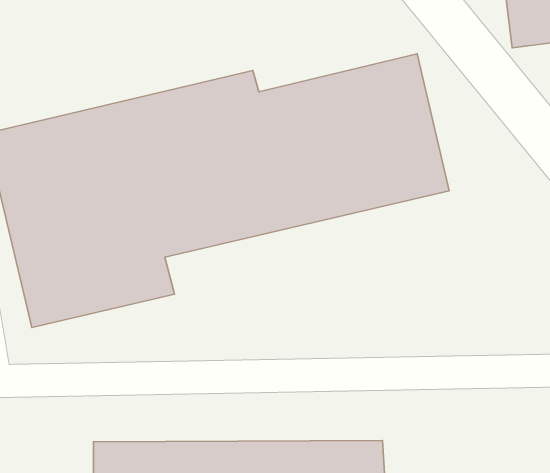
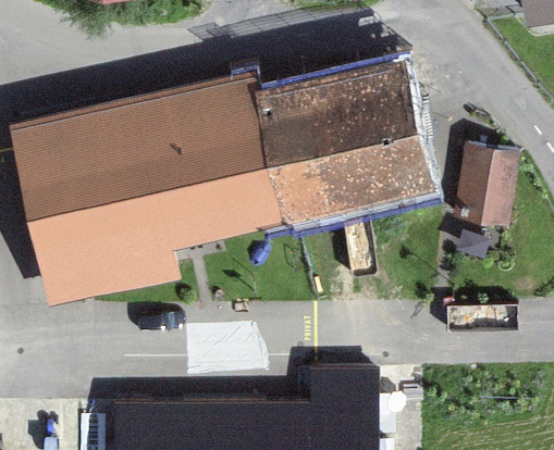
building: none -> [454,150,521,230]

